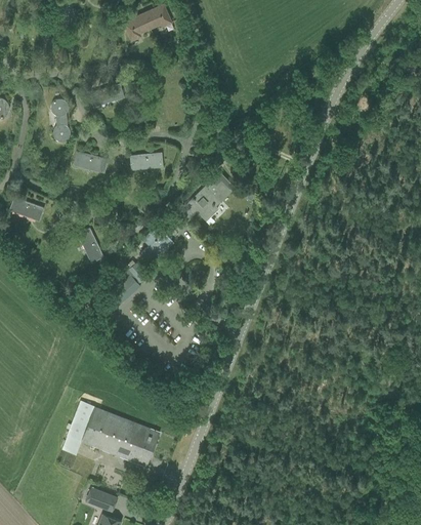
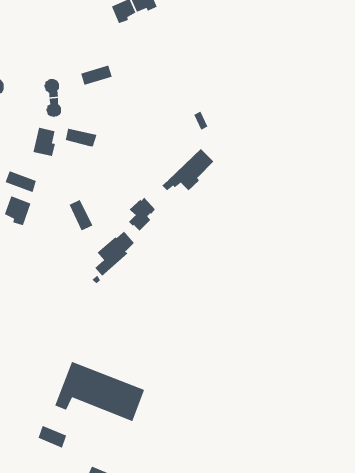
building: none -> [33,127,56,157]
building: [130,153,163,169] -> none
building: none -> [4,195,32,226]
building: [86,486,118,512] -> [37,425,67,449]

